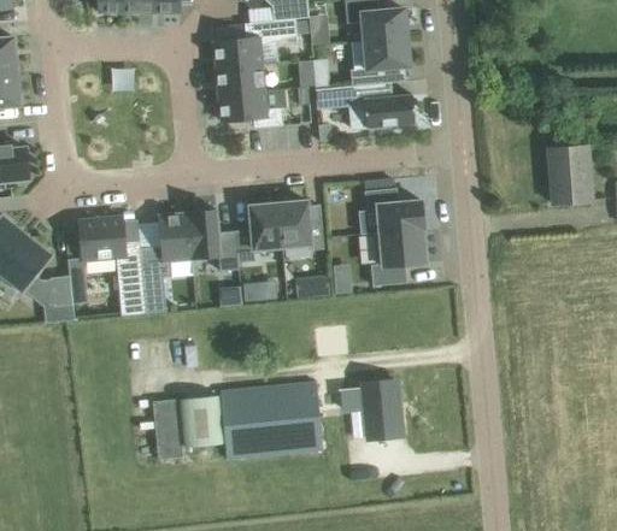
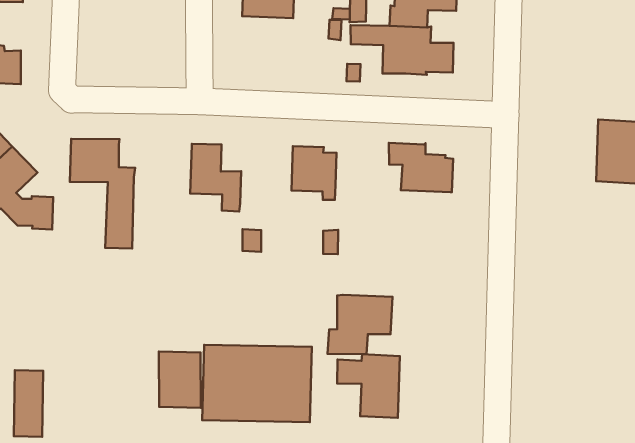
building: [218,87,286,126] -> none
building: [234,203,281,260] -> none
building: [139,213,190,312] -> none
building: [370,228,425,285] -> [328,295,392,354]
building: [151,397,182,459] -> [14,370,43,437]

